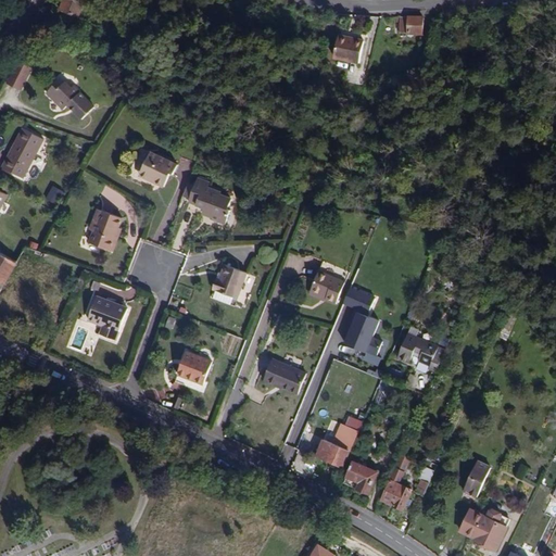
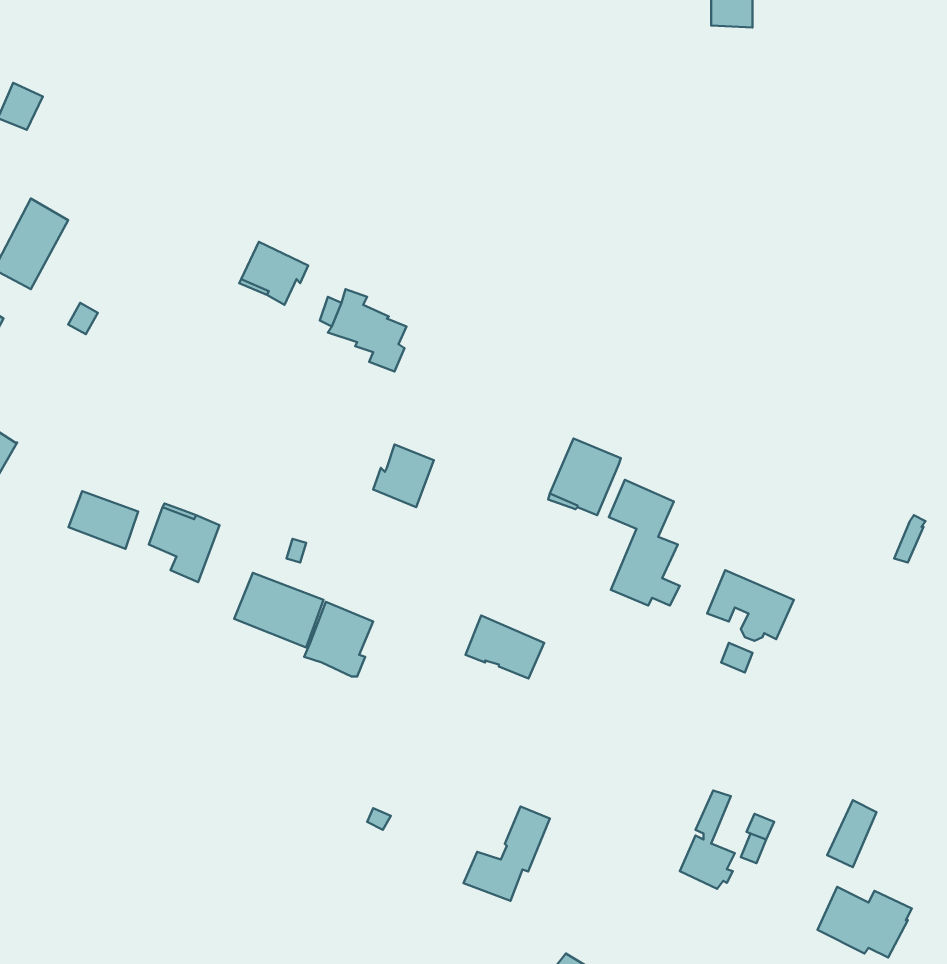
building: [332,28,363,62] -> none
building: [45,79,93,117] -> none
building: [88,207,121,250] -> none
building: none -> [68,491,138,549]
building: none -> [234,573,323,647]
building: [314,414,362,466] -> [463,807,550,901]
building: [342,459,376,492] -> none

